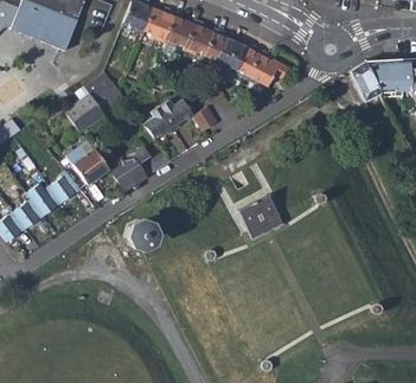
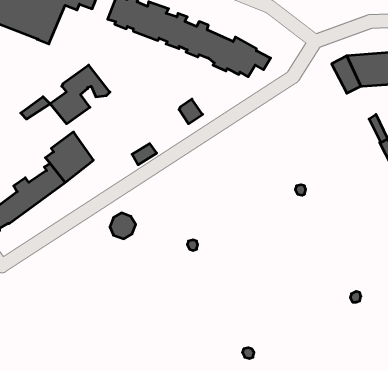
building: [145,100,193,139] -> none
building: [110,146,152,191] -> none
building: [237,196,281,240] -> none

